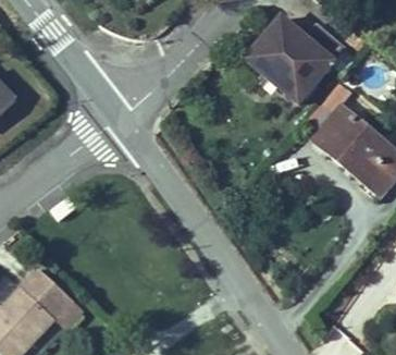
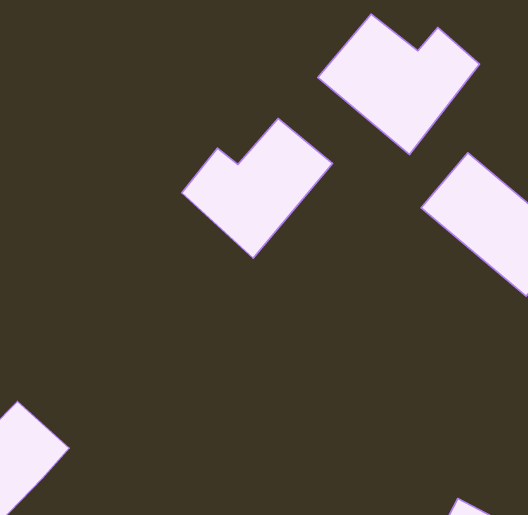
building: none -> [182,118,332,258]

